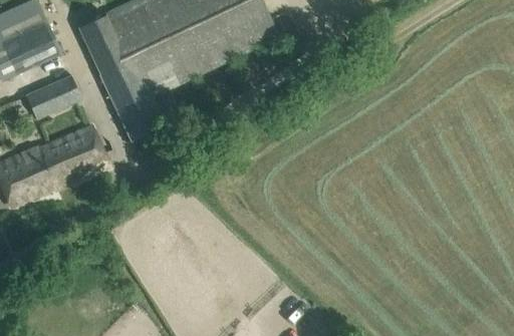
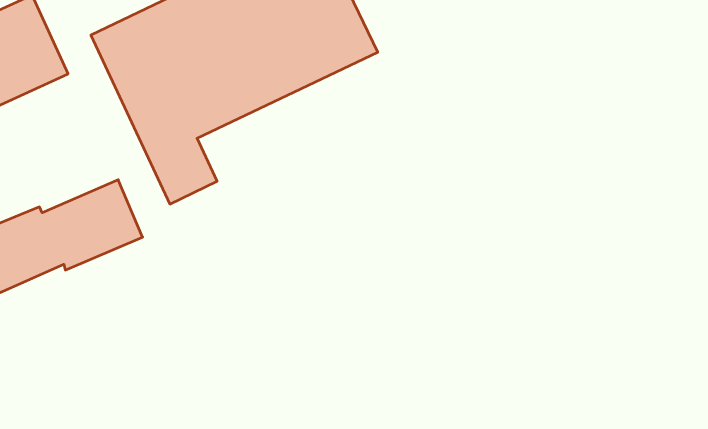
building: [25,75,81,119] -> none

